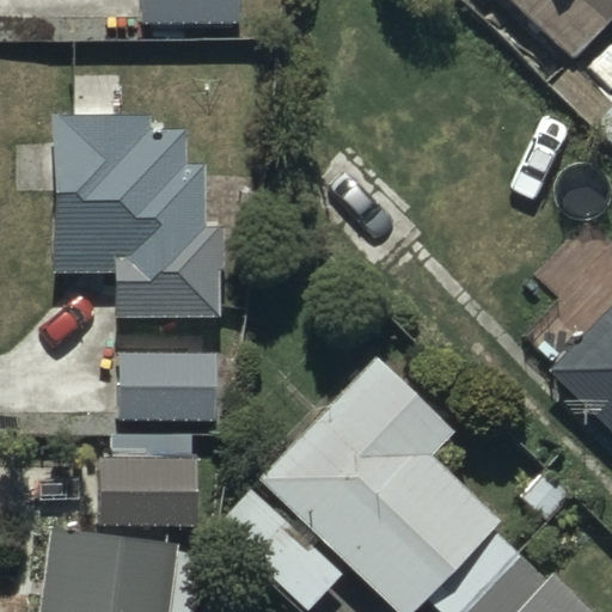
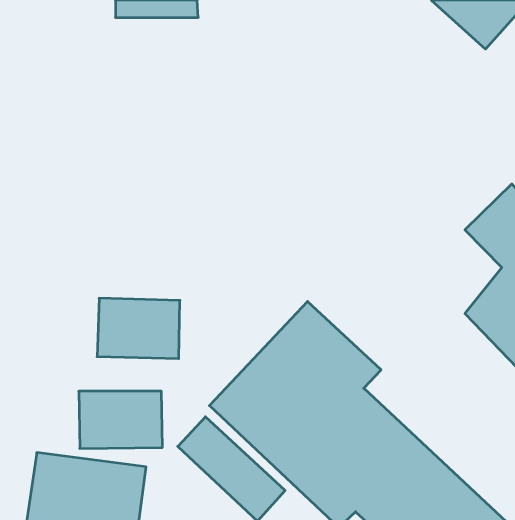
building: [54,114,226,317] -> none

